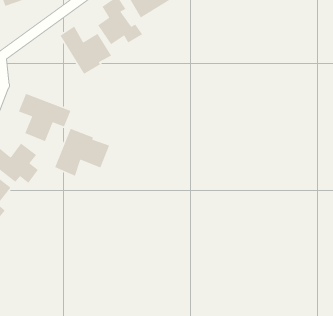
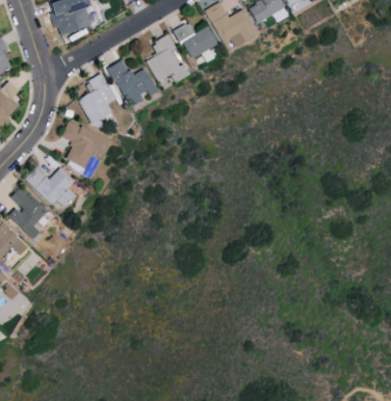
building: none -> [79,74,116,125]
building: [54,128,110,177] -> none

